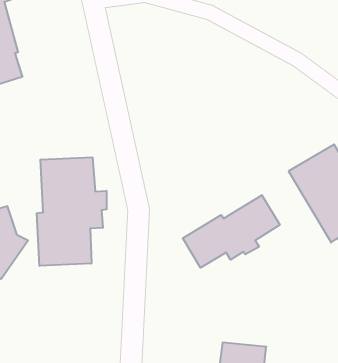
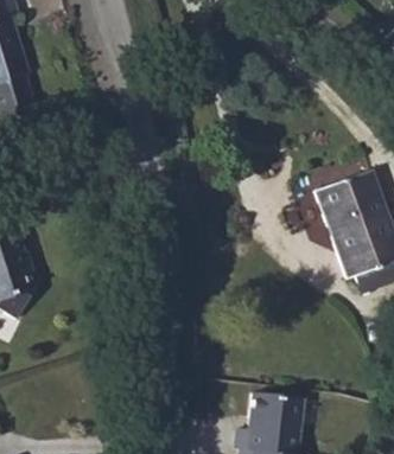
building: [37,157,107,266] -> none
building: [183,195,280,268] -> none

